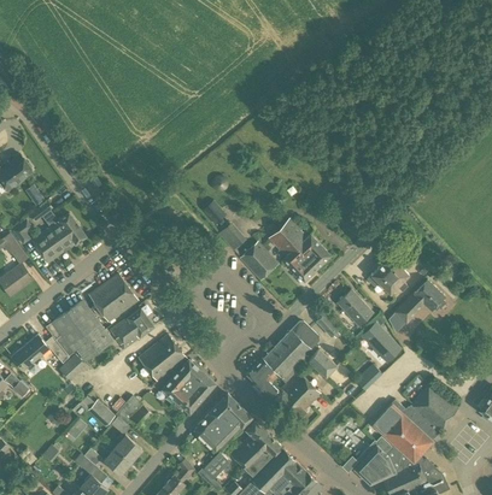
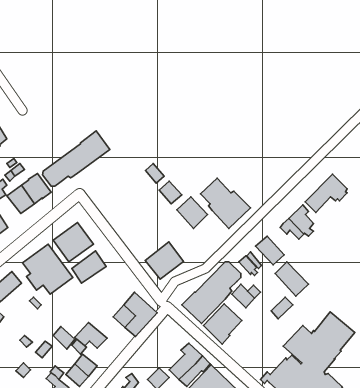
building: none -> [42,131,110,186]
building: [393,278,445,325] -> [305,174,347,213]
building: [139,335,186,381] -> [145,242,184,279]
building: [194,394,251,450] -> none

